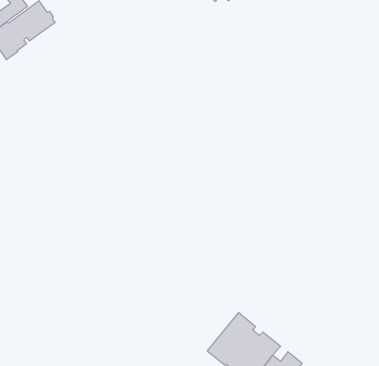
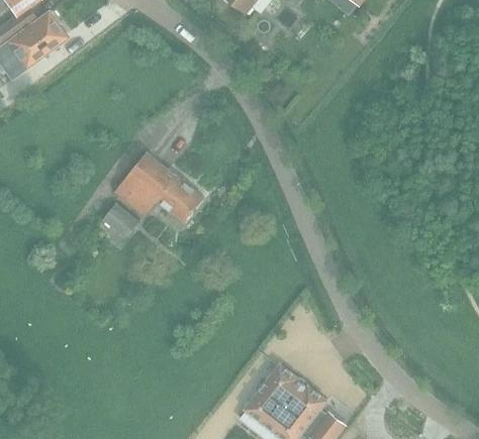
building: none -> [114,152,203,222]
building: none -> [102,203,138,238]

